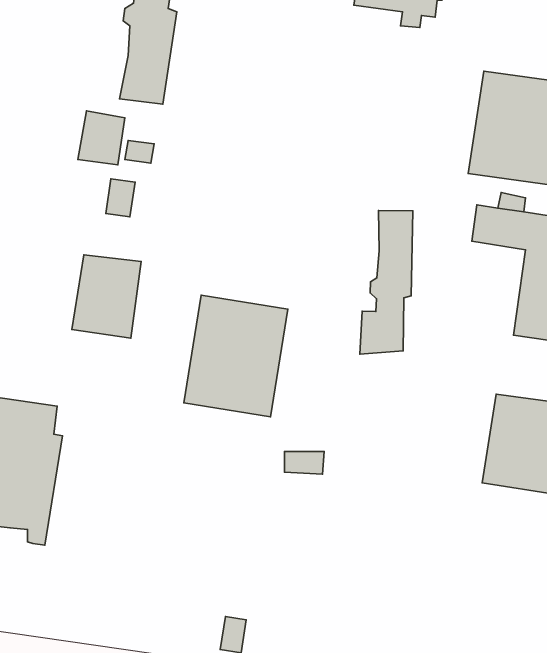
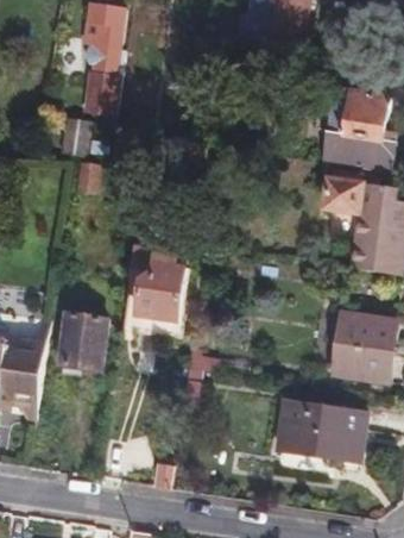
building: [360,210,413,354] -> none
building: [72,255,141,338] -> [56,312,103,369]
building: none -> [279,402,366,462]

